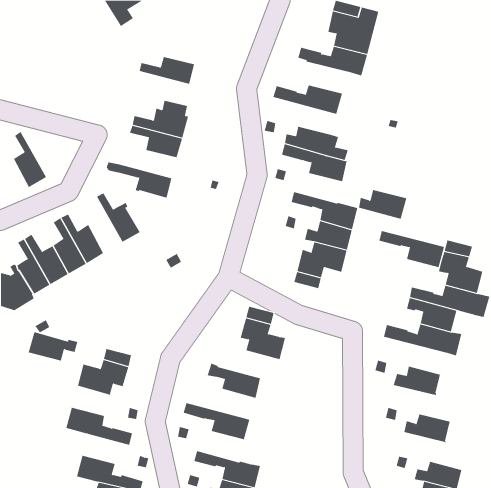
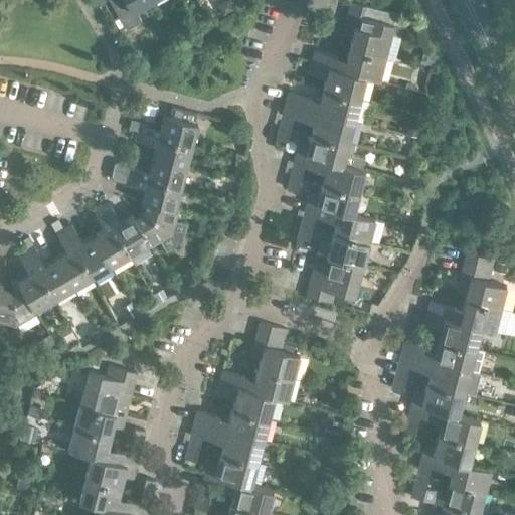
building: [139,57,195,84] -> [128,161,186,190]
building: none -> [309,64,365,102]
building: none -> [284,106,353,145]
building: [13,131,47,188] -> [94,209,129,269]
building: [358,190,407,219] -> [308,185,359,216]
building: none -> [133,203,179,250]
building: [378,230,445,268] -> [398,356,468,395]
building: [28,331,78,361] -> [75,407,128,439]
building: none -> [221,370,294,403]
building: none -> [409,406,479,445]
building: none -> [195,410,269,443]
building: none -> [206,455,269,489]
building: none -> [420,456,491,495]
building: none -> [87,458,137,489]

